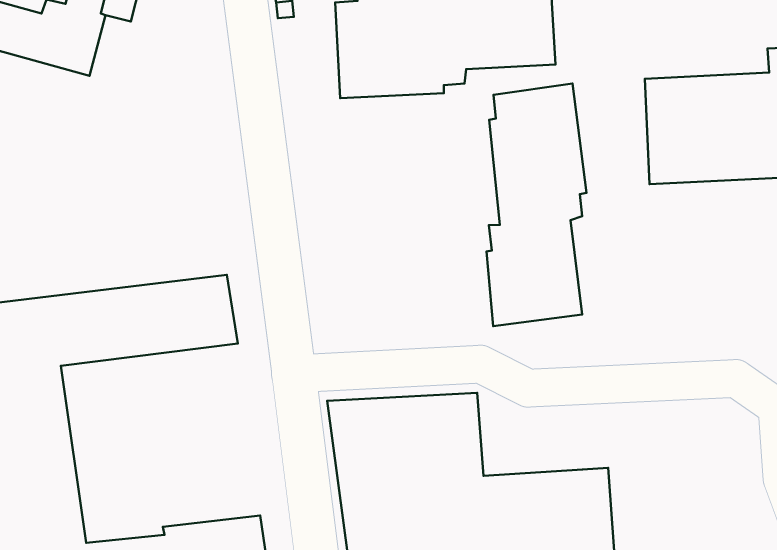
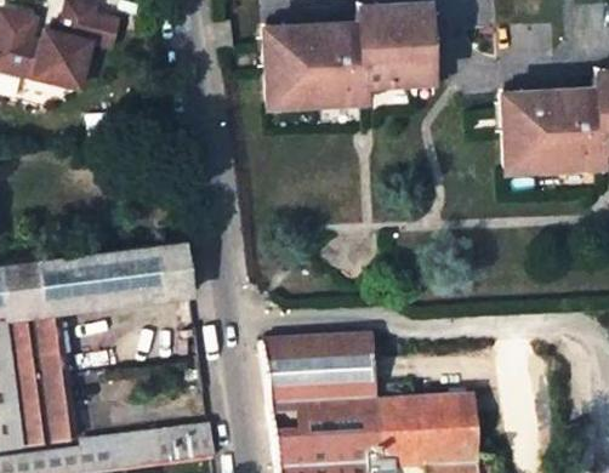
building: [487,83,586,326] -> none

